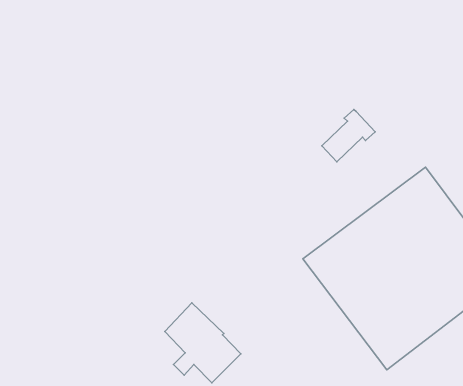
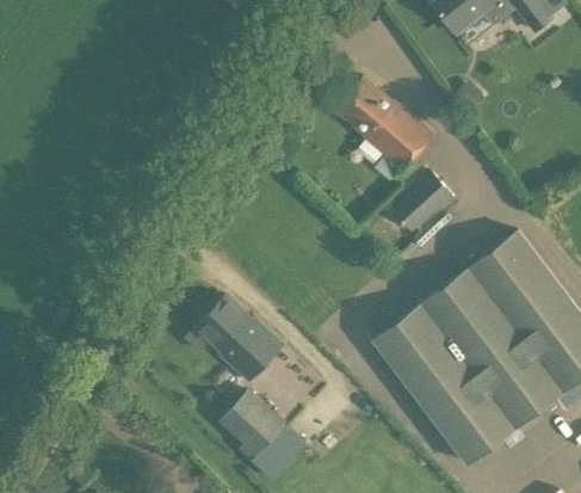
building: none -> [335,78,433,171]
building: none -> [185,297,283,383]

